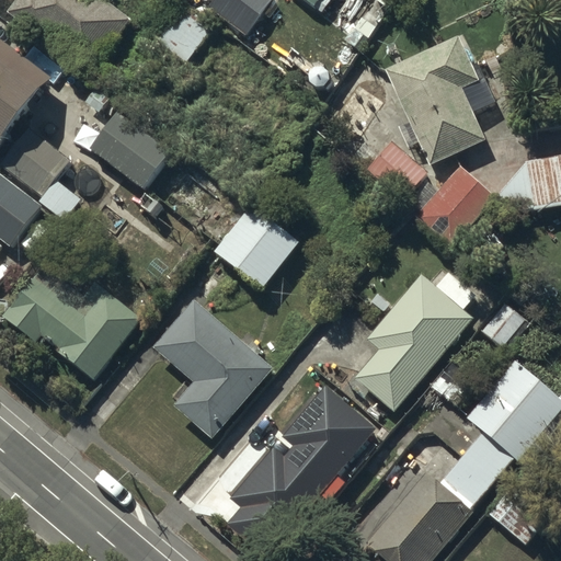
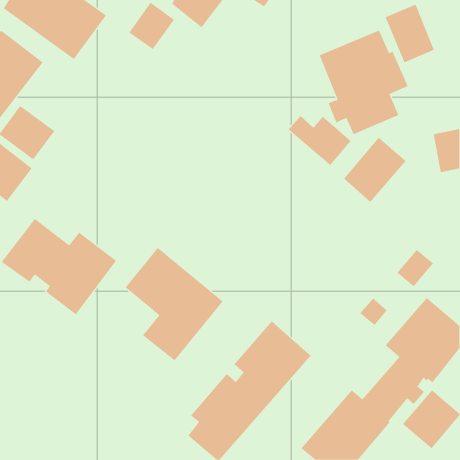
building: none -> [385,4,435,63]
building: [89,112,170,188] -> none
building: [213,203,298,288] -> none
building: [352,270,474,411] -> none

